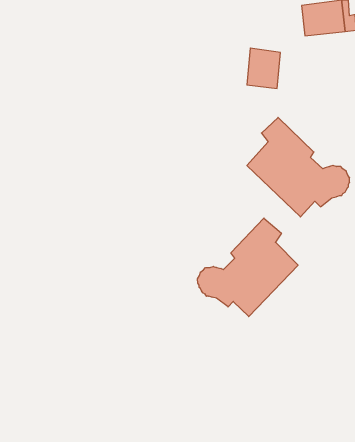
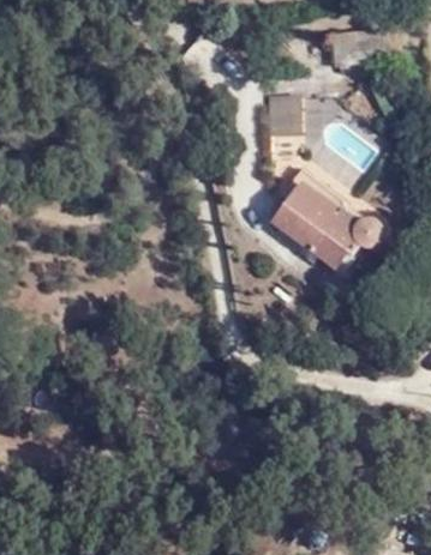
building: [197,218,298,317] -> none

